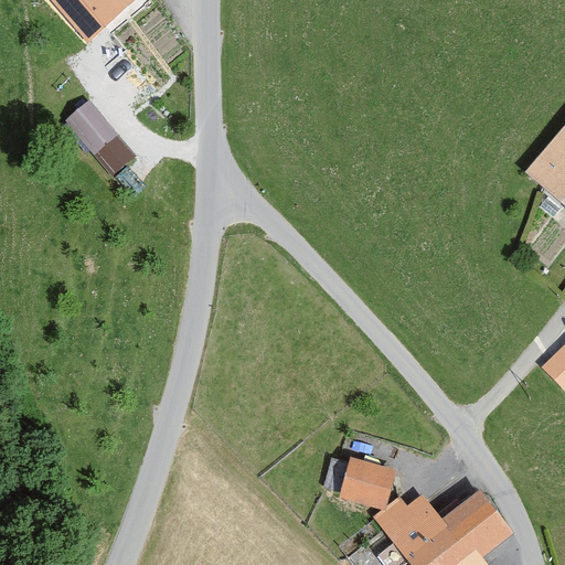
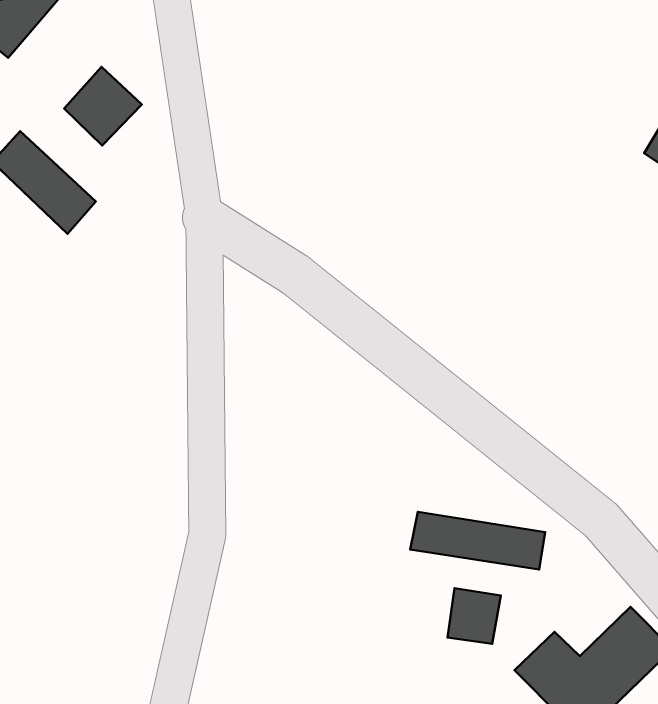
building: none -> [64,67,142,146]
building: none -> [410,512,545,569]

